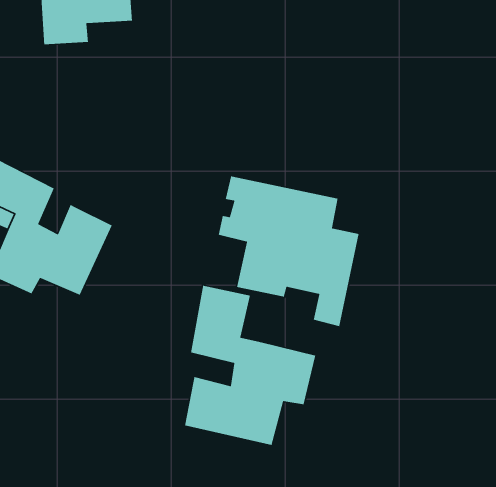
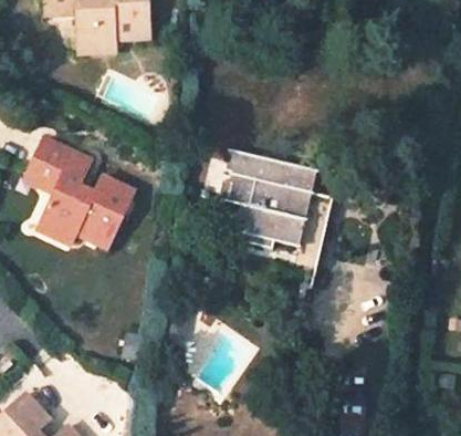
building: [184,285,316,446] -> none

